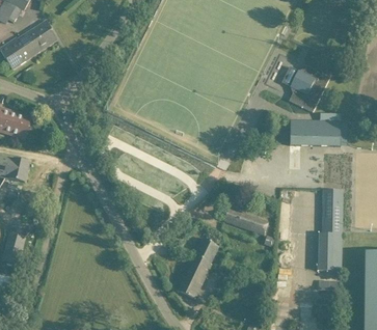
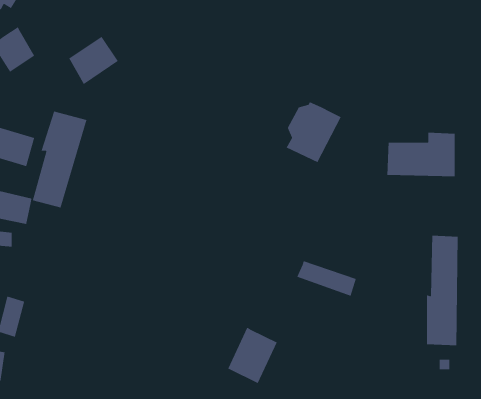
building: [20,21,57,57] -> [68,36,119,85]
building: [289,66,330,112] -> [285,101,342,163]
building: none -> [32,110,88,209]
building: [190,239,219,268] -> none

